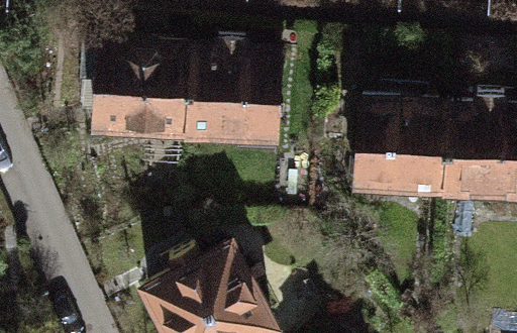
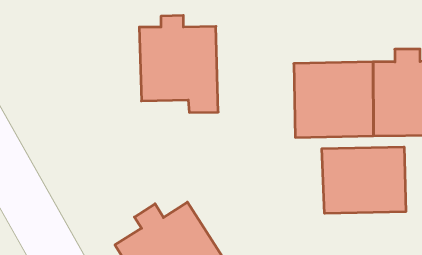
building: [83,45,192,134] -> none
building: none -> [322,147,406,213]

